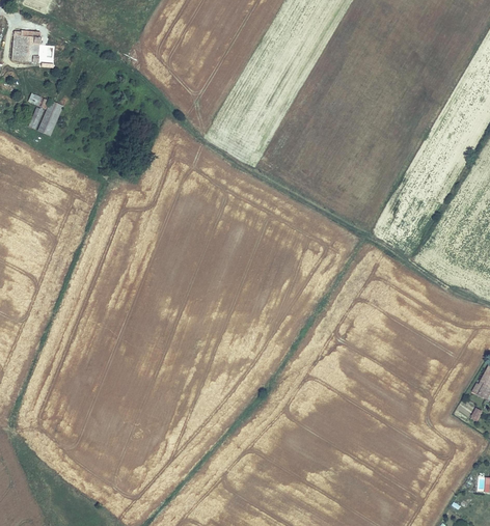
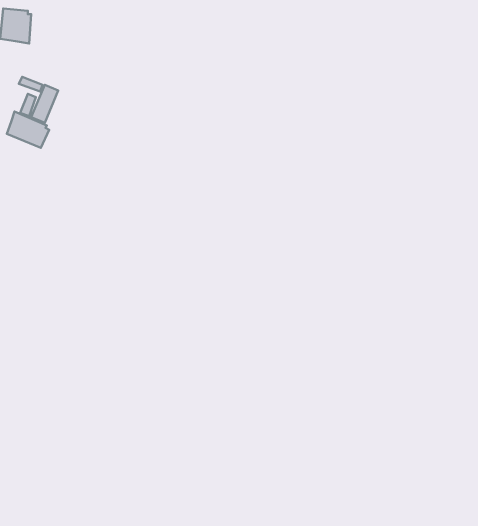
building: none -> [7,111,49,148]

